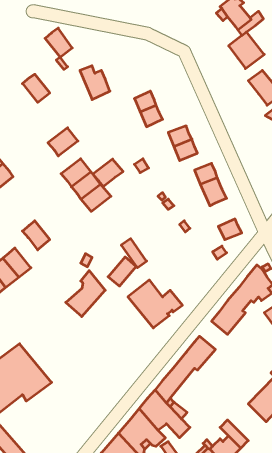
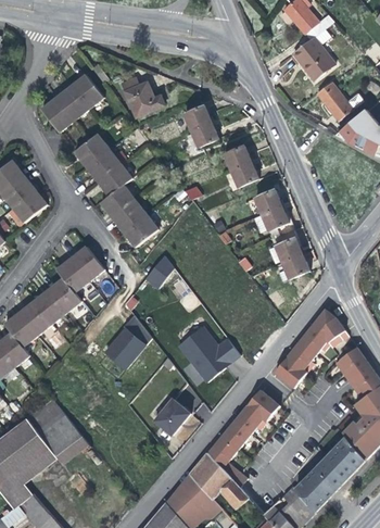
building: [45,28,72,57] -> [69,75,101,109]
building: none -> [40,98,73,131]
building: none -> [74,134,107,166]
building: [93,159,123,186] -> [97,164,131,196]
building: none -> [275,230,301,263]
building: none -> [69,244,102,278]
building: none -> [47,276,80,311]
building: [108,257,136,286] -> [142,255,175,289]
building: none -> [154,397,190,433]
building: none -> [294,468,337,511]

